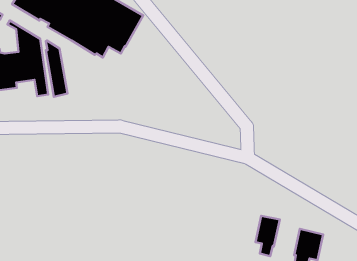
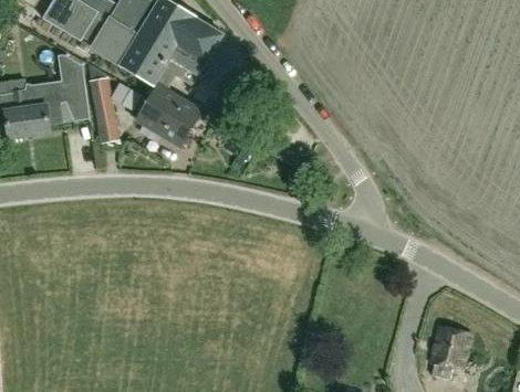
building: none -> [137,85,201,147]
building: [256,216,280,256] -> none

